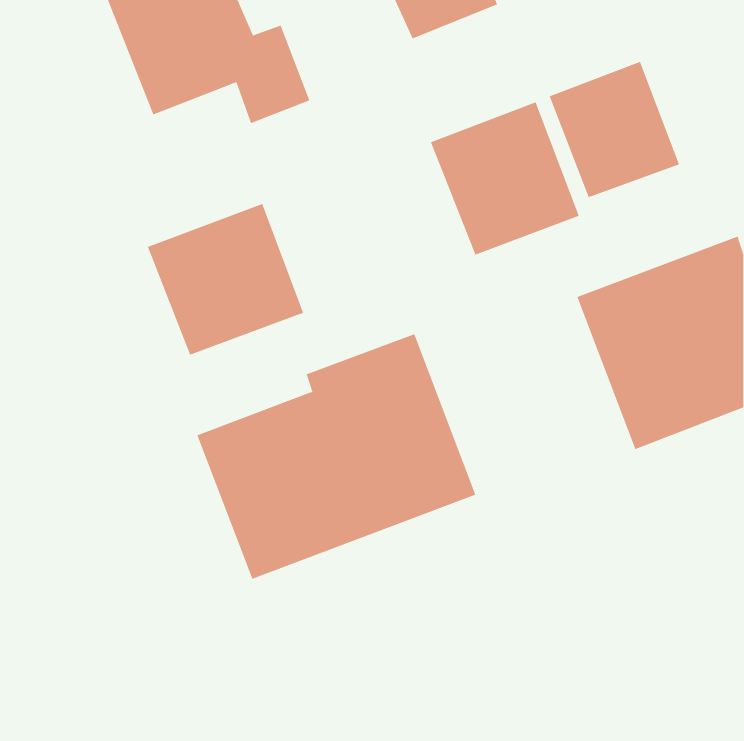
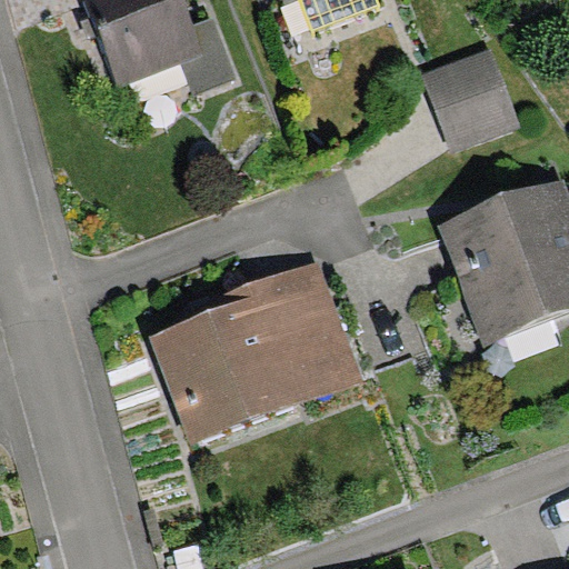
building: [430,102,579,255] -> none
building: [147,203,304,355] -> none

